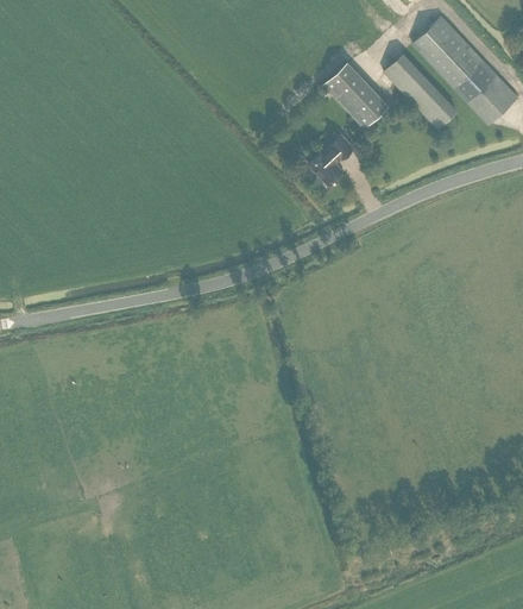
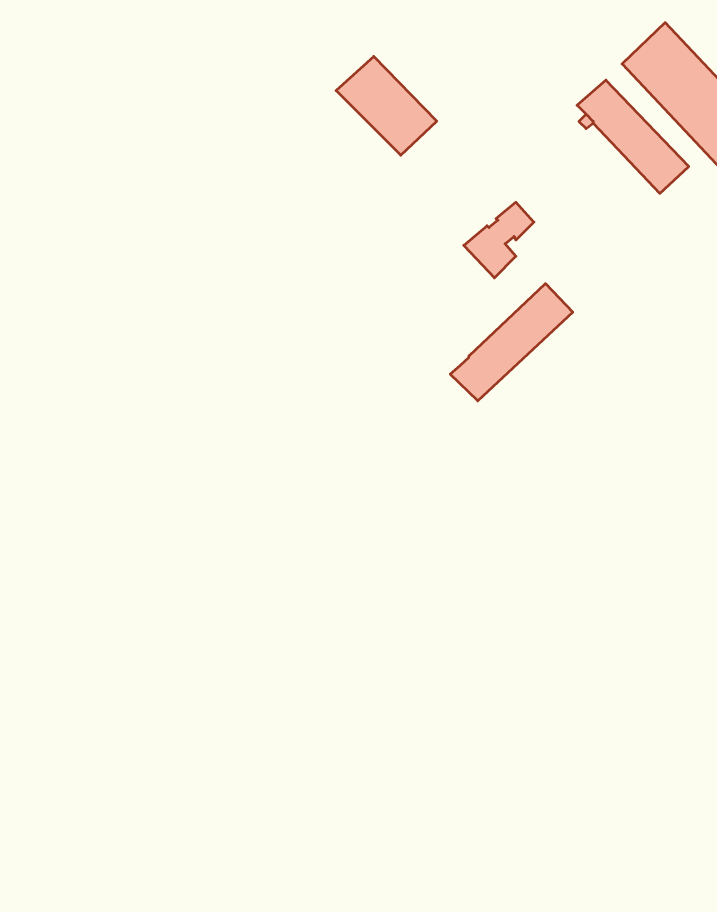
building: [322,62,389,127] -> [336,56,437,155]
building: none -> [450,284,573,401]

